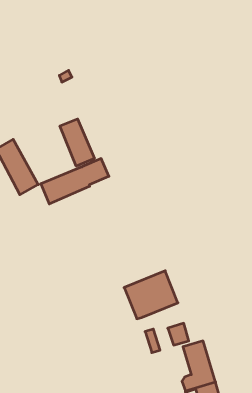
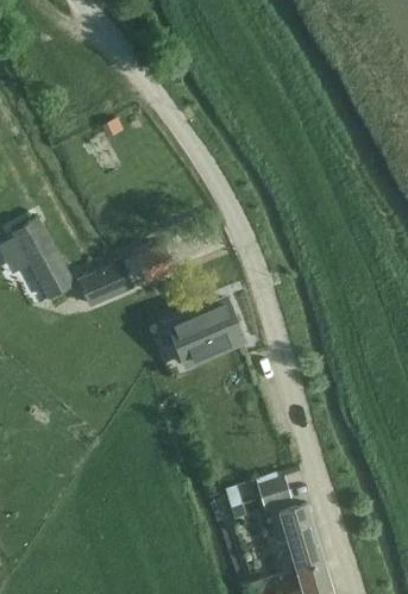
building: [60,119,94,166] -> none
building: [124,271,178,319] -> [165,300,241,368]

